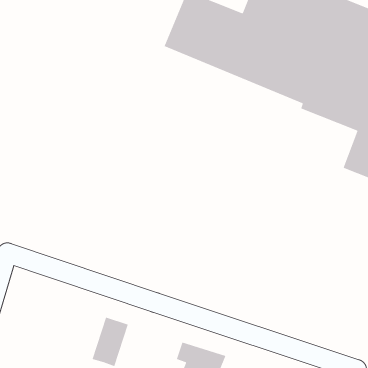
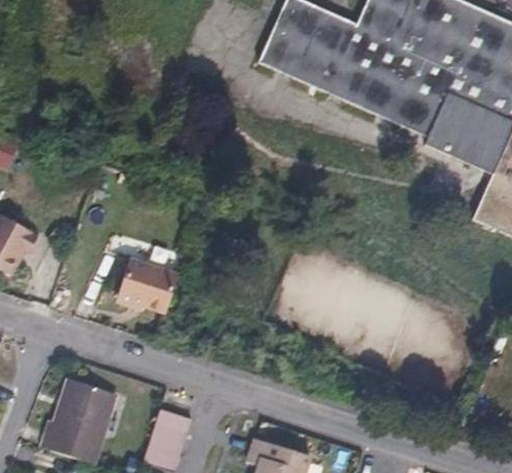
building: none -> [121,244,182,303]
building: none -> [48,370,123,454]

